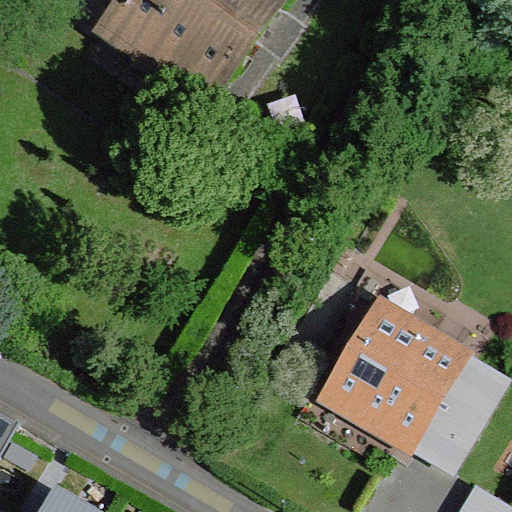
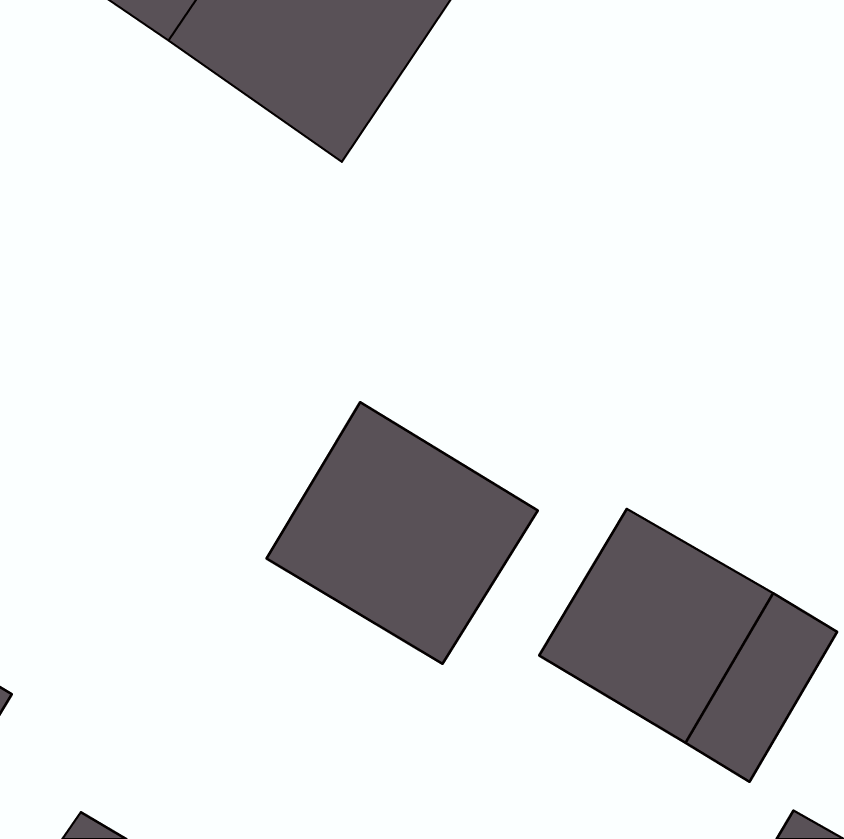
building: none -> [266,402,538,664]

